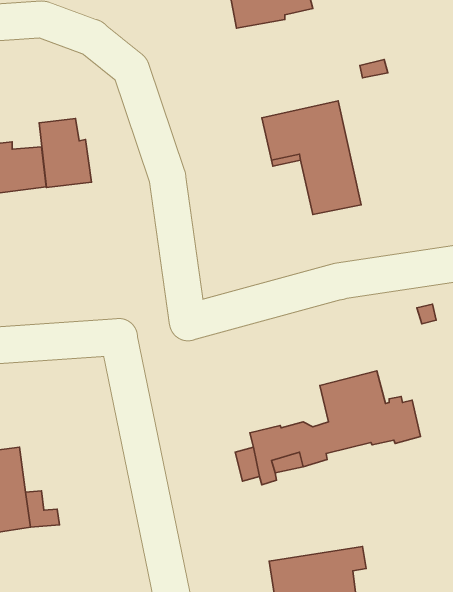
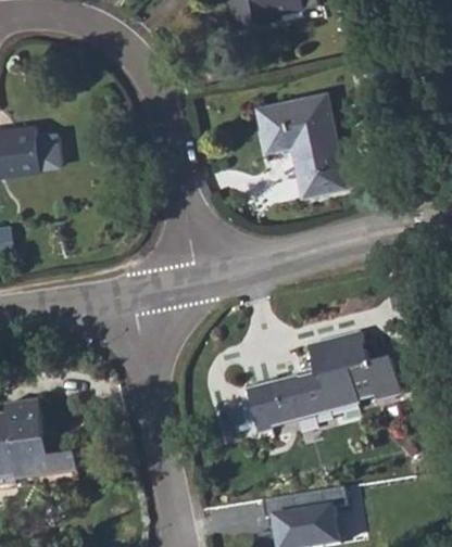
building: [39,118,91,188] -> none

